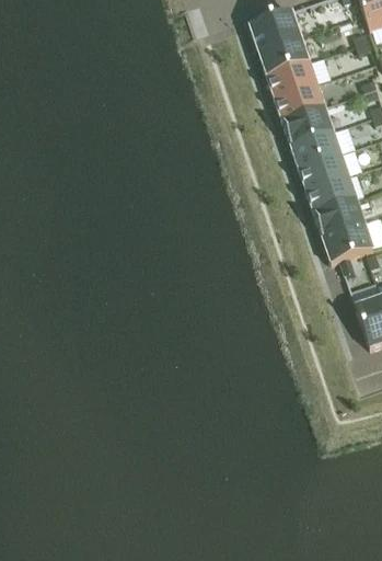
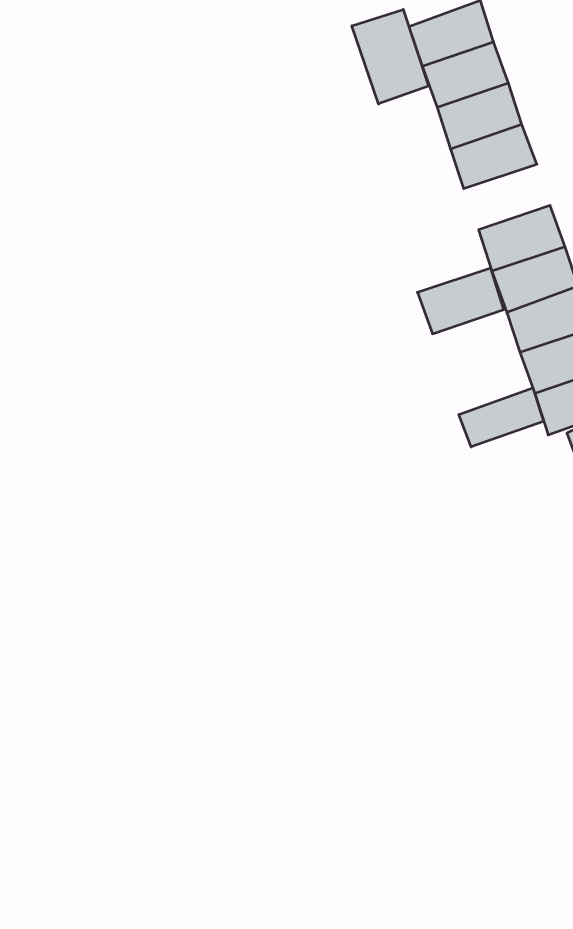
building: none -> [352,9,429,104]
building: [281,103,332,141] -> [417,268,504,334]
building: none -> [459,388,544,447]

